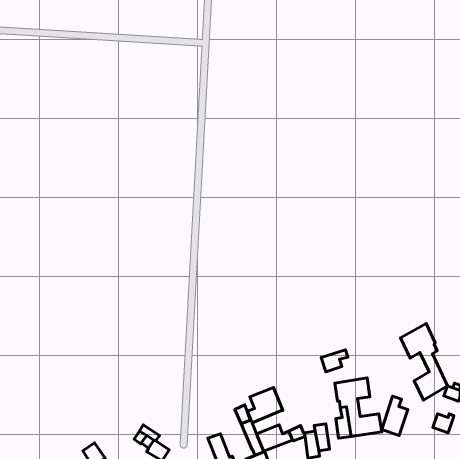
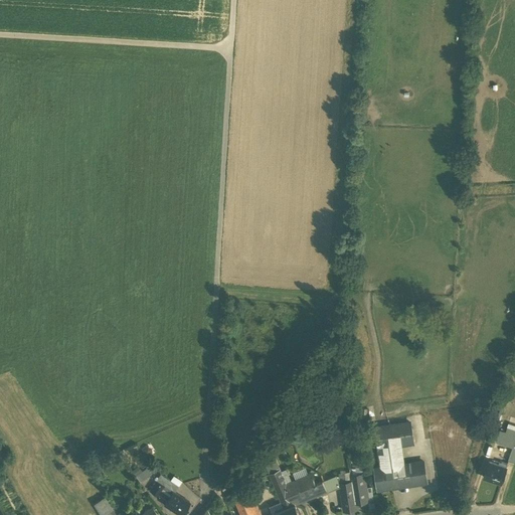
building: [400,323,447,400] -> none
building: [321,350,348,372] -> none
building: [248,387,283,423] -> none
building: [381,396,408,436] -> none

